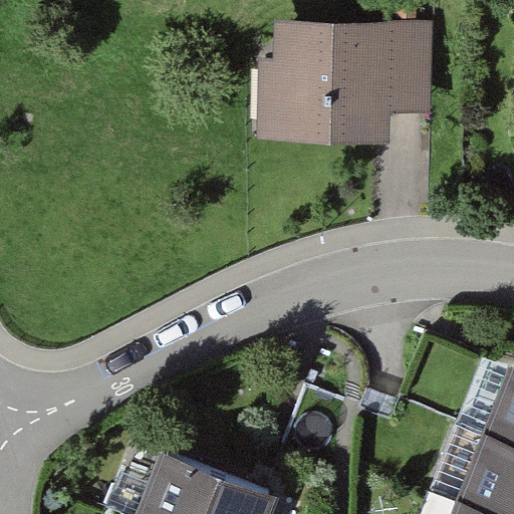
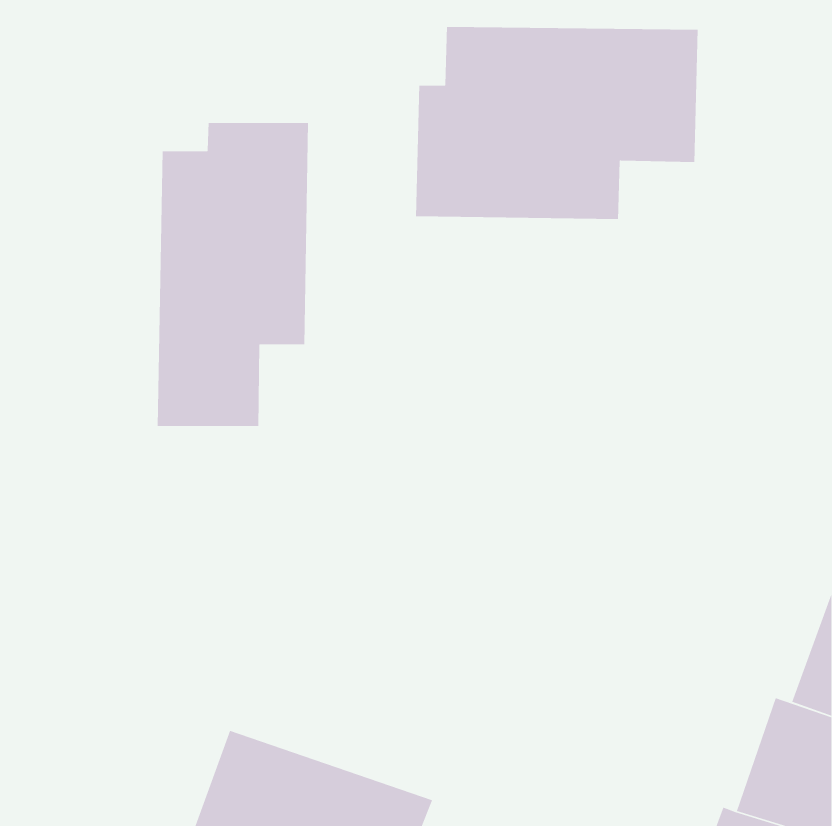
building: none -> [157,122,309,427]

